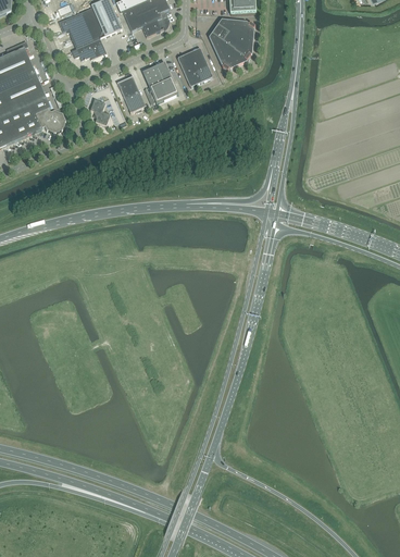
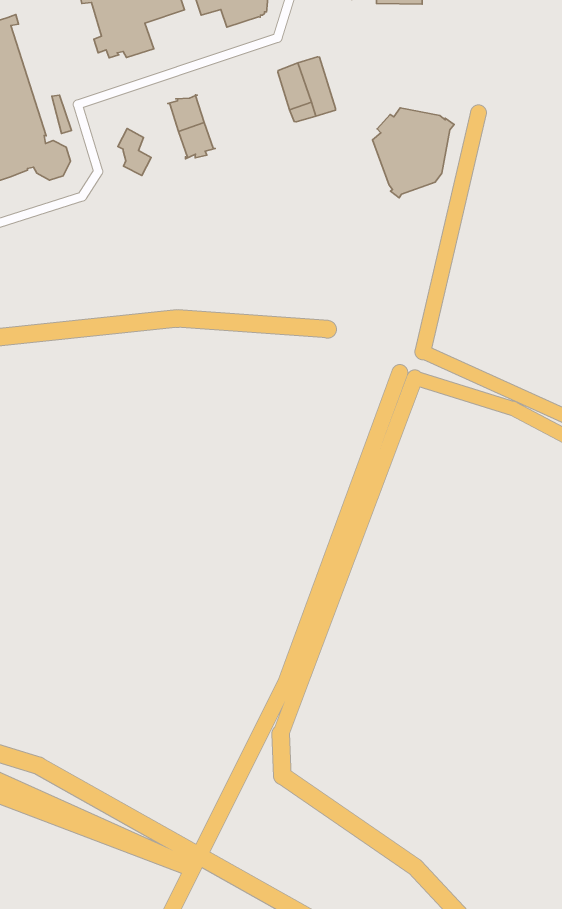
building: [210,18,255,70] -> [372,108,454,198]
building: [143,61,179,102] -> none

